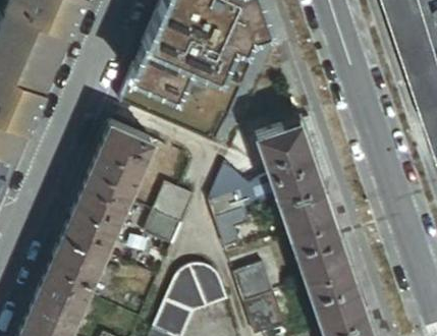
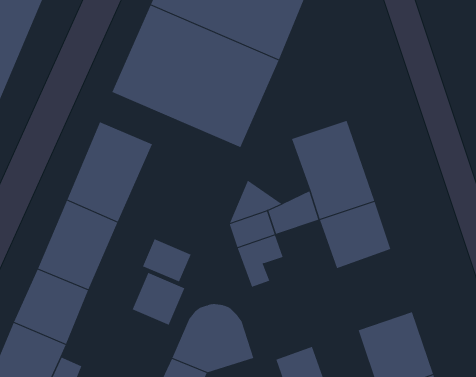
building: [152,183,193,224] -> [132,272,185,325]
building: [291,220,349,282] -> none
building: [234,266,273,304] -> none

